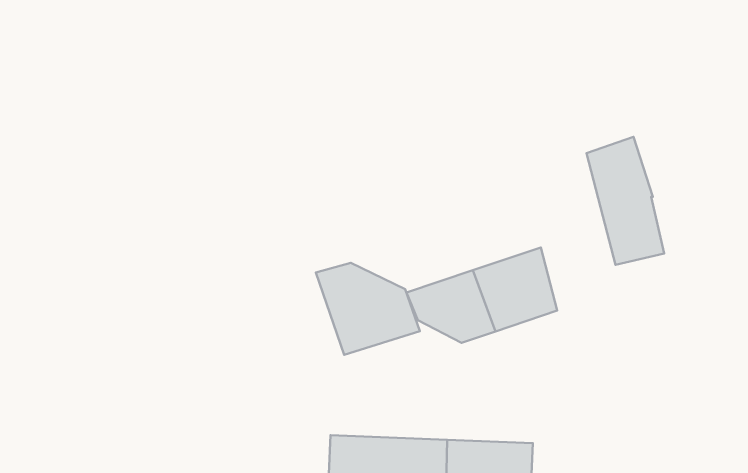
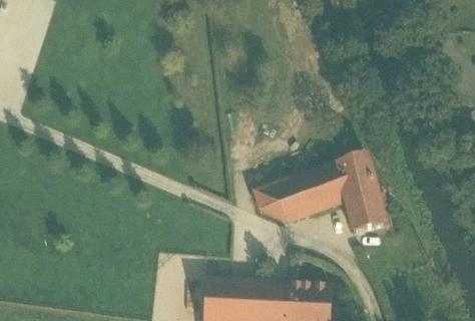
building: [587,137,664,265] -> [336,152,384,232]
building: [316,263,420,355] -> none

